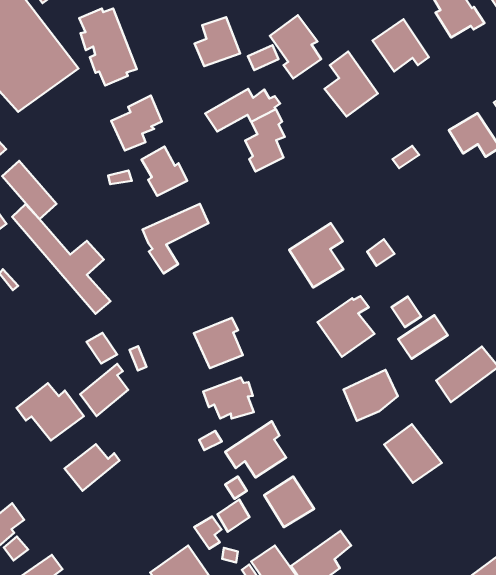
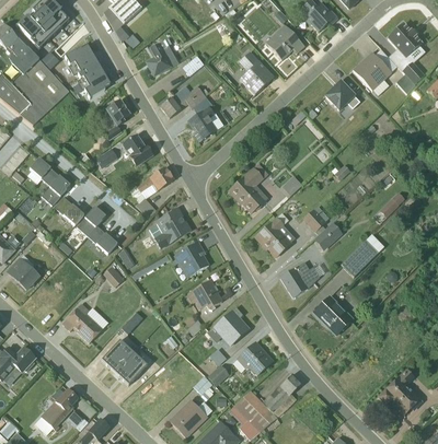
building: [270,15,321,78] -> none
building: none -> [150,207,192,247]
building: [80,364,128,416] -> [115,348,147,385]

